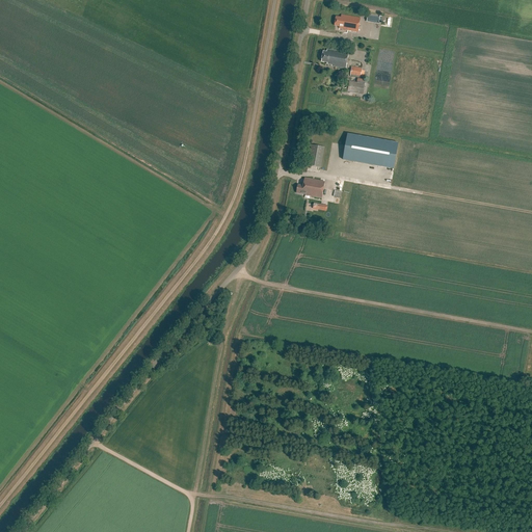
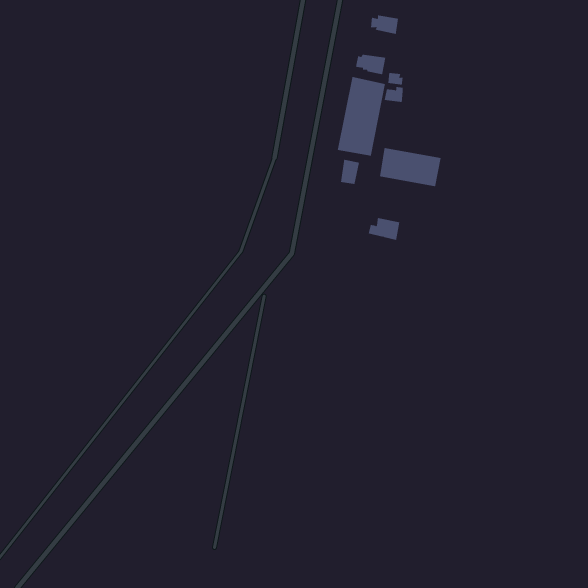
building: none -> [337,76,385,156]
building: [295,177,324,197] -> [368,217,400,241]

